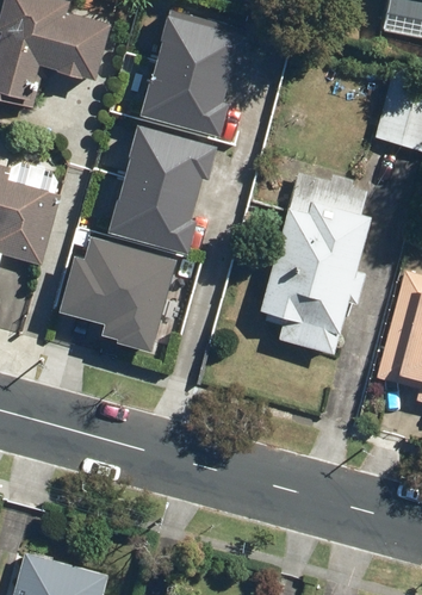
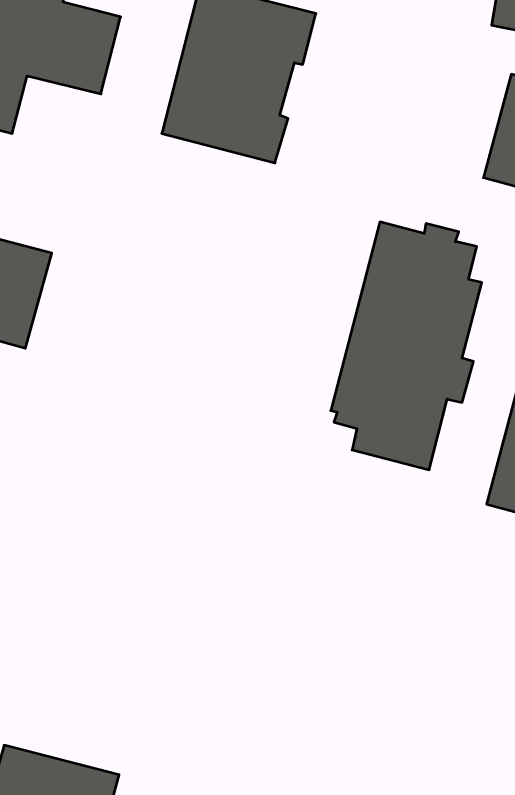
building: [105,117,218,248] -> none
building: [61,233,178,346] -> none

